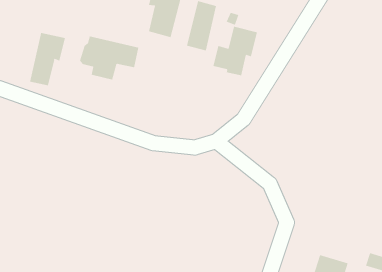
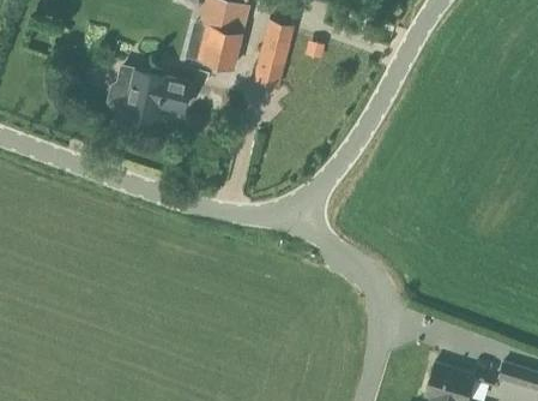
building: [213,26,258,76] -> none
building: [29,32,65,86] -> none

